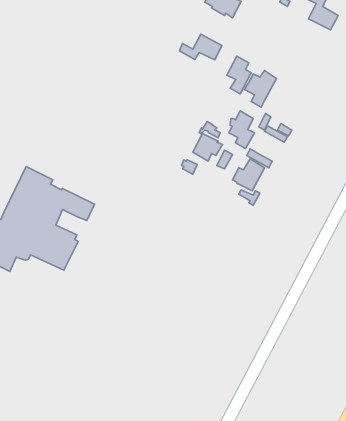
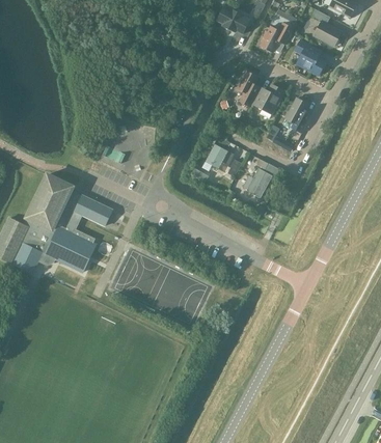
building: none -> [261,24,293,53]
building: none -> [295,41,326,77]
building: [180,34,222,60] -> none
building: [229,111,254,148] -> [285,99,309,134]

